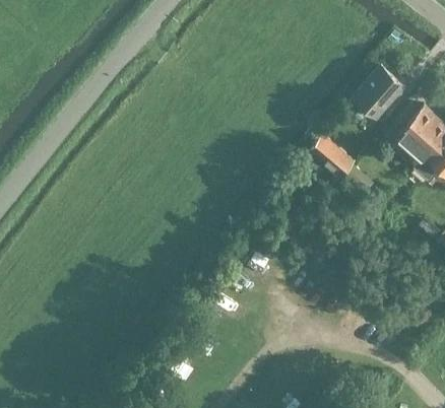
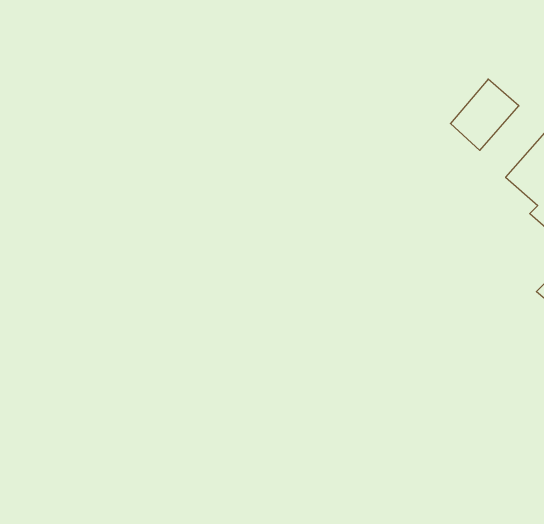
building: [309,137,352,178] -> none

